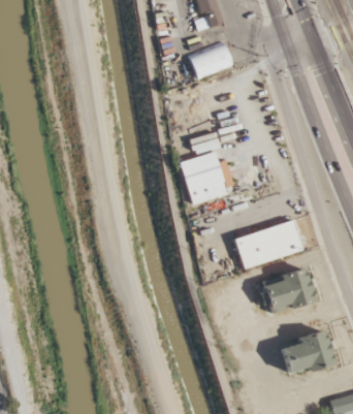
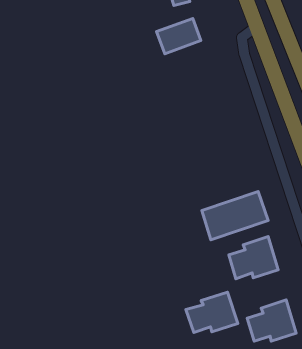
building: [180,152,236,204] -> none
building: none -> [186,292,238,332]

